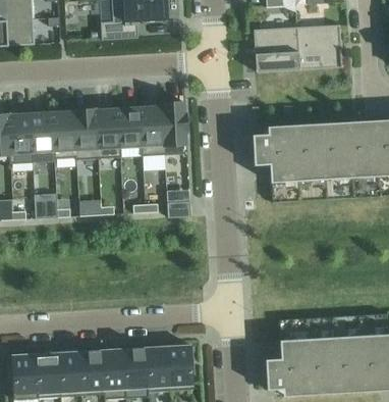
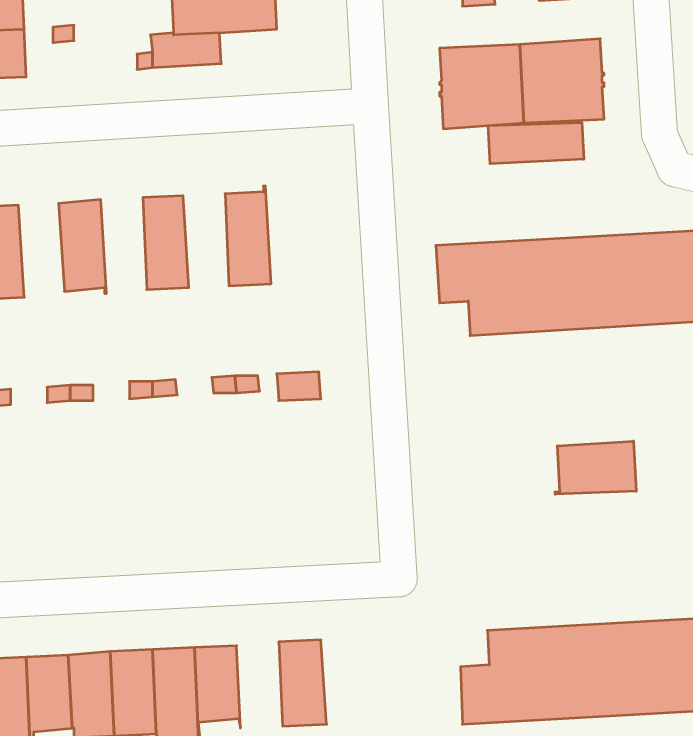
building: none -> [488,123,584,164]
building: [161,101,187,154] -> none
building: [117,106,142,156] -> none
building: [73,108,98,159] -> none
building: [30,111,54,161] -> none
building: none -> [555,441,636,494]
building: [146,345,170,391] -> none

